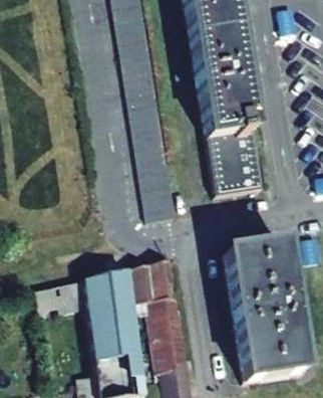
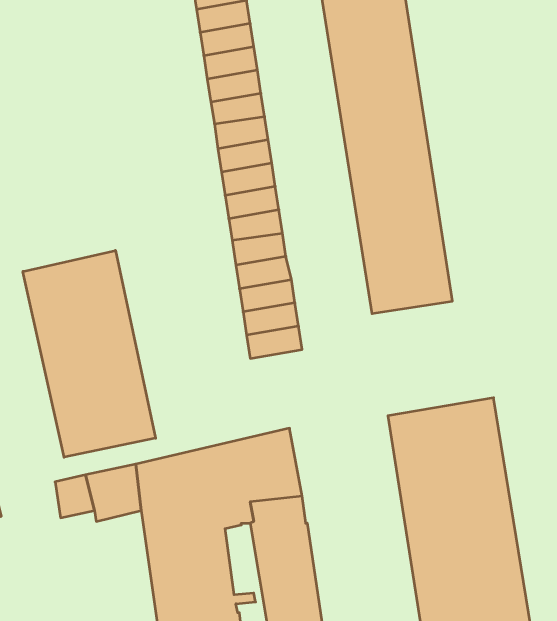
building: none -> [23,250,156,457]

